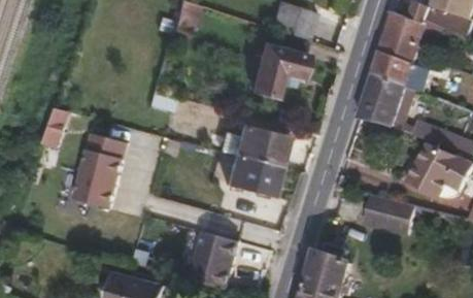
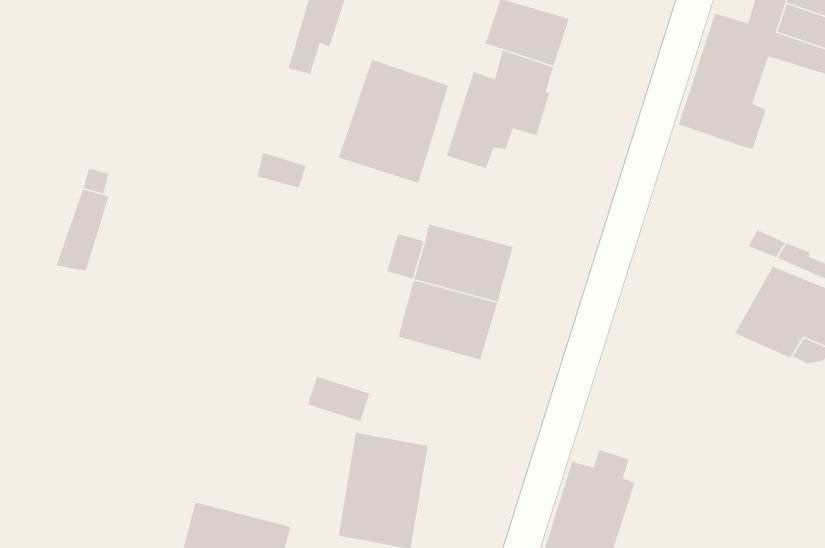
building: none -> [338,59,449,184]
building: [358,70,405,128] -> none
building: [75,139,132,213] -> none
building: [350,191,403,231] -> none

